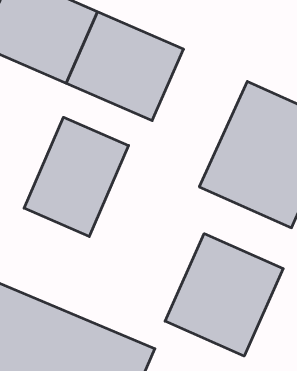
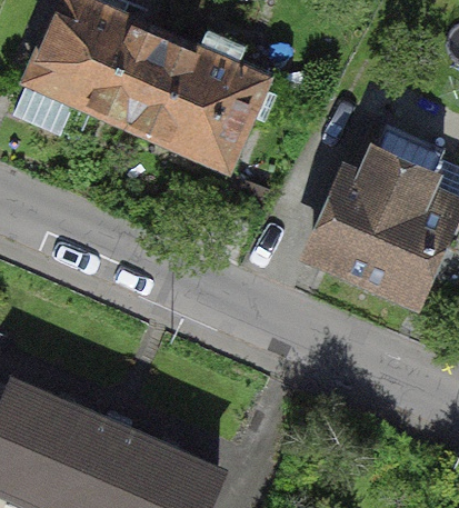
building: [24,117,129,237] -> none
building: [165,234,283,356] -> none

